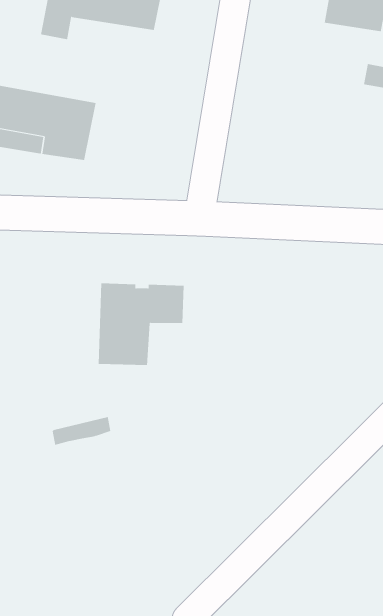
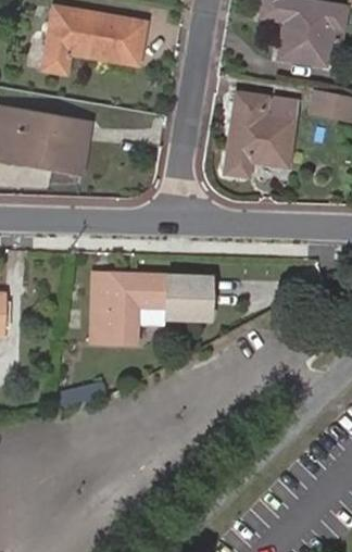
building: none -> [227,93,298,175]
building: none -> [162,275,208,318]

